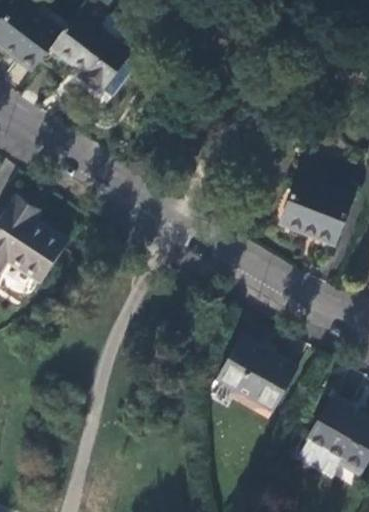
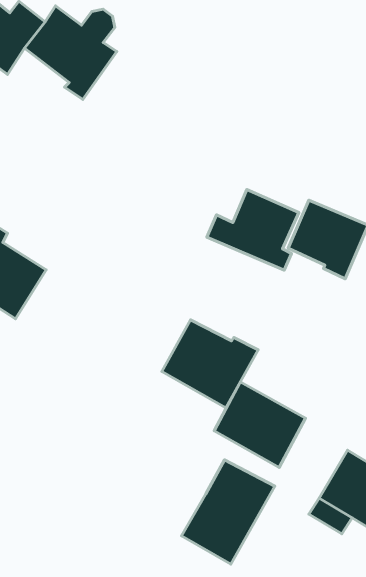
building: none -> [207,189,299,270]
building: none -> [162,320,258,408]
building: none -> [181,460,275,564]

